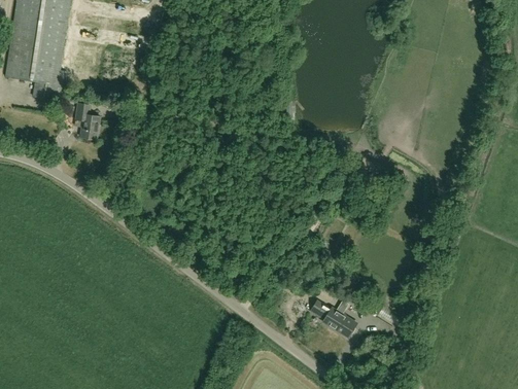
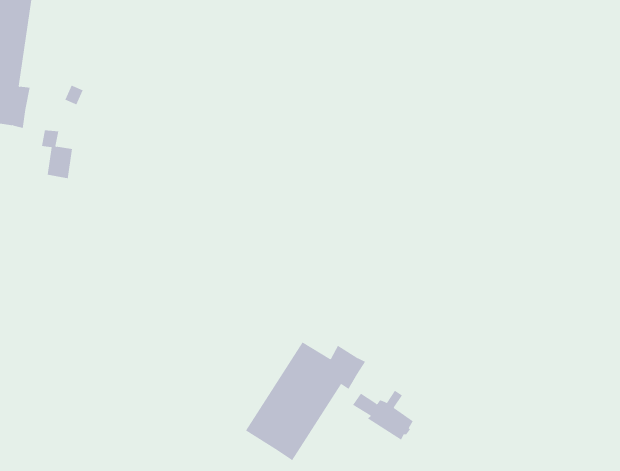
building: none -> [245,342,366,461]

